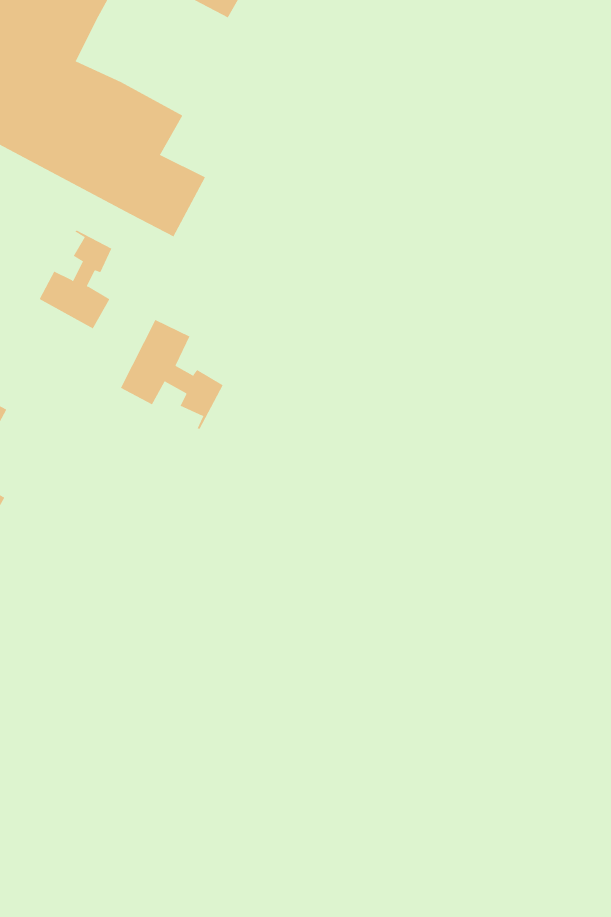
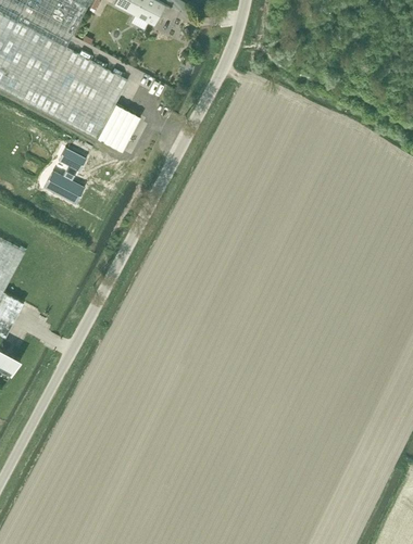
building: [120,319,223,429] -> none

